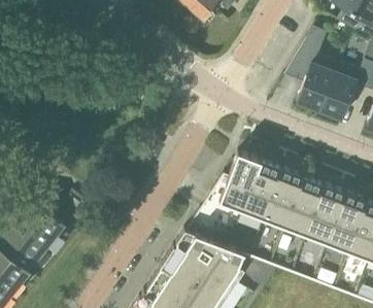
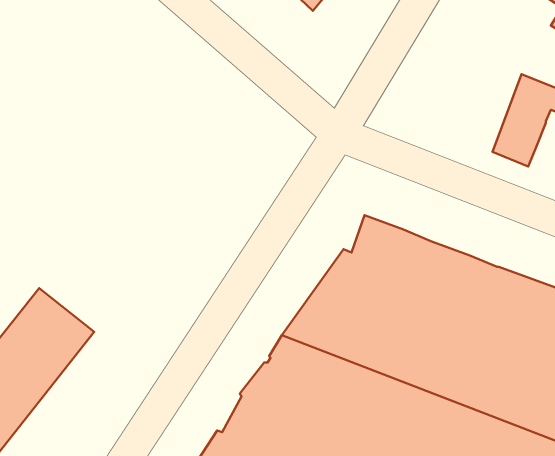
building: [285,27,338,111] -> none

